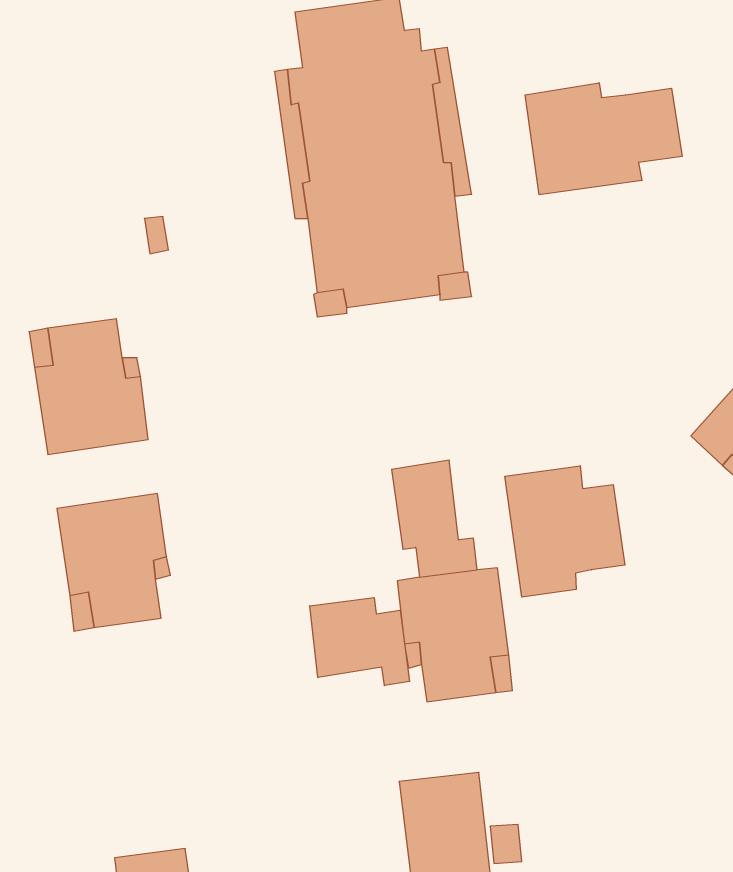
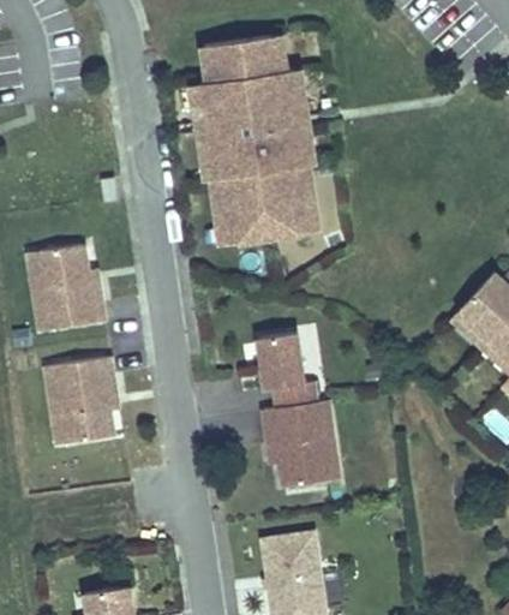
building: [525,83,682,195] -> none
building: [505,466,625,597] -> none
building: [310,598,410,686] -> none

